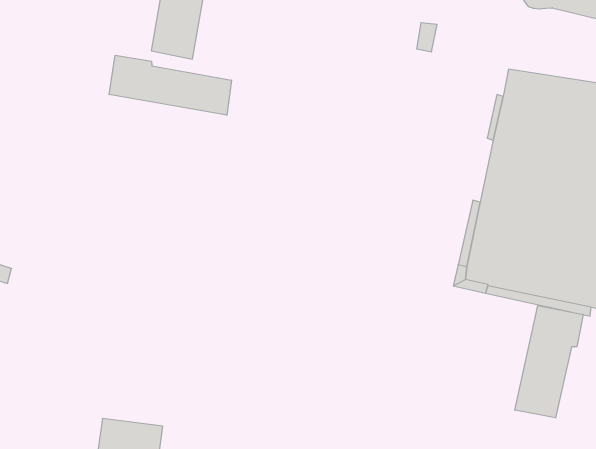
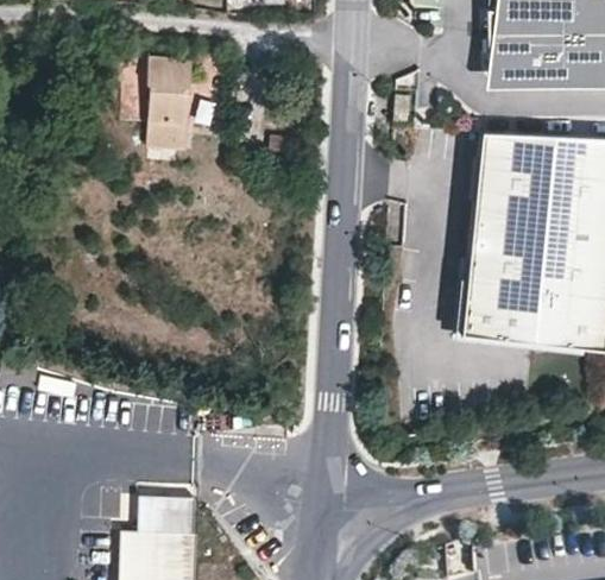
building: [109,55,232,115] -> none
building: [515,305,583,418] -> none

